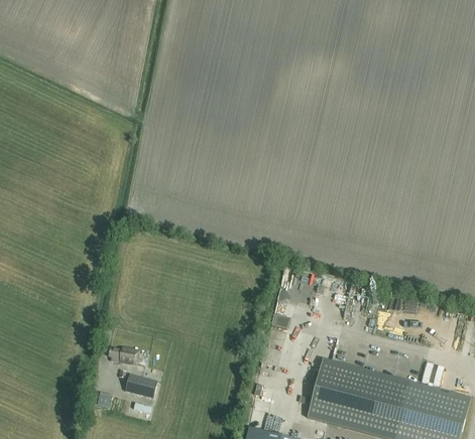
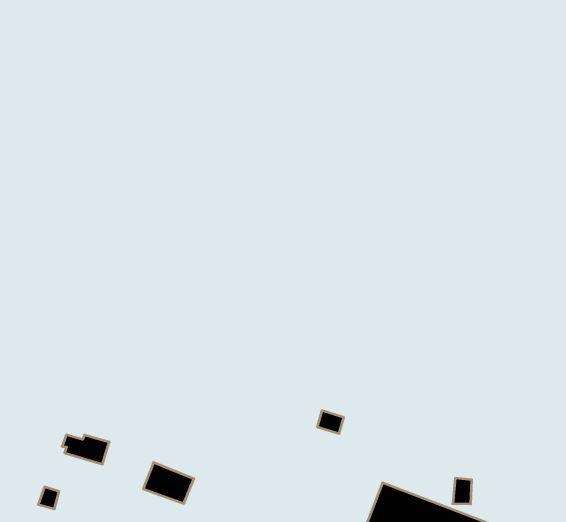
building: [123,372,156,397] -> [143,463,194,503]

